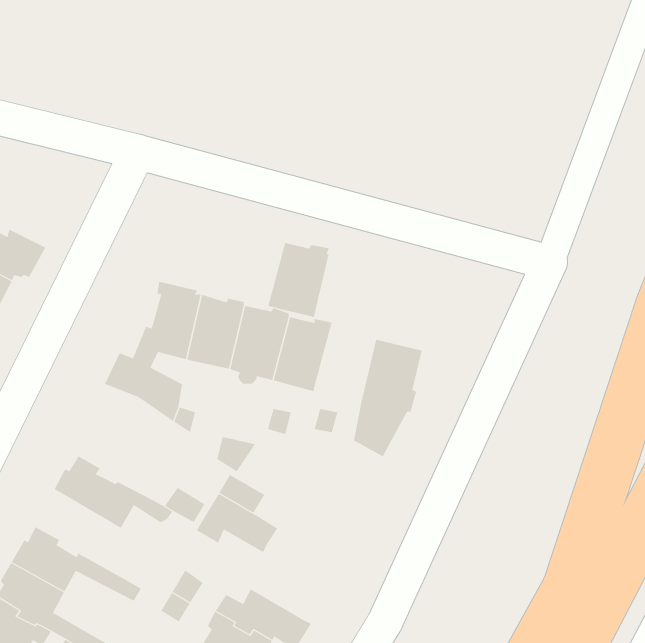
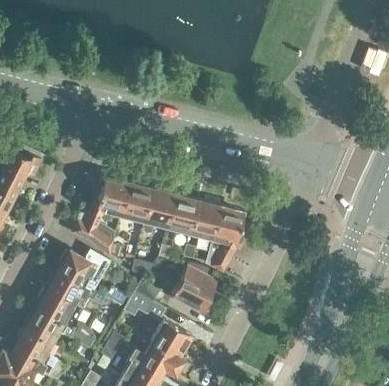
building: [268,242,329,317] -> [186,201,219,241]
building: none -> [60,249,111,290]
building: none -> [172,267,217,313]
building: none -> [37,287,97,340]
building: none -> [152,319,192,357]

